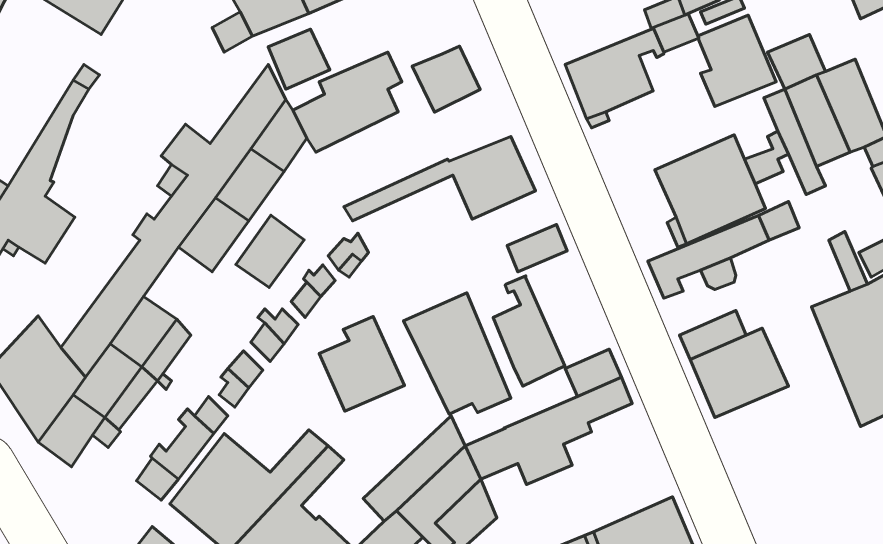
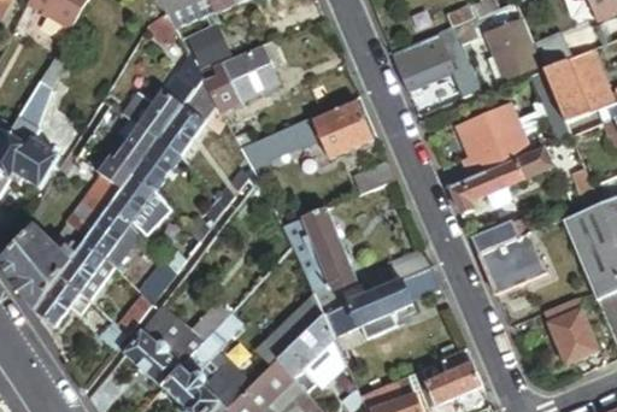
building: [412,46,480,112] -> none
building: [236,215,304,287] -> [105,177,152,226]
building: [493,276,565,386] -> none
building: [319,316,405,411] -> none
building: none -> [547,308,598,365]

